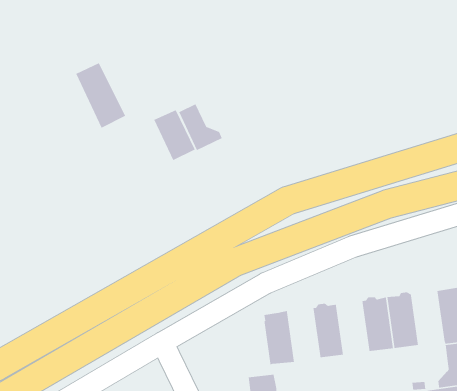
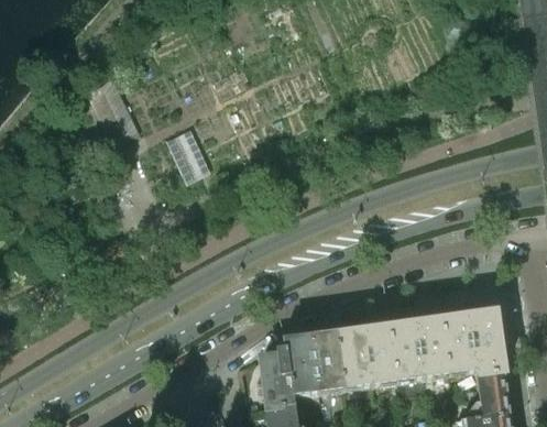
building: [178,103,223,151] -> none
building: none -> [440,314,474,373]
building: none -> [361,324,395,383]
building: none -> [309,330,343,391]
building: none -> [261,347,295,406]

